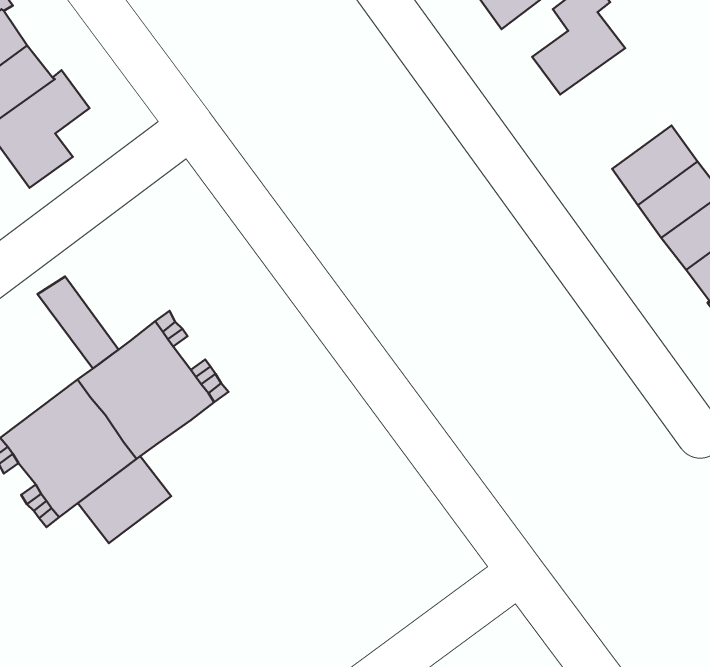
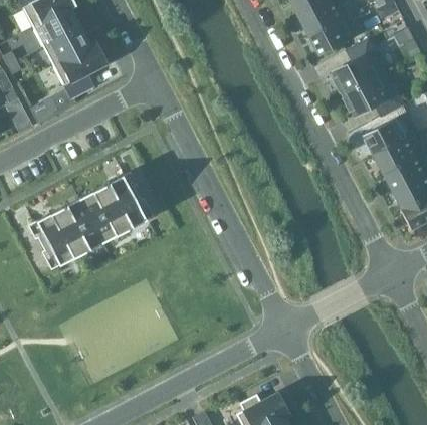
building: none -> [343,76,403,118]
building: [38,276,119,369] -> none
building: [78,456,171,543] -> none

